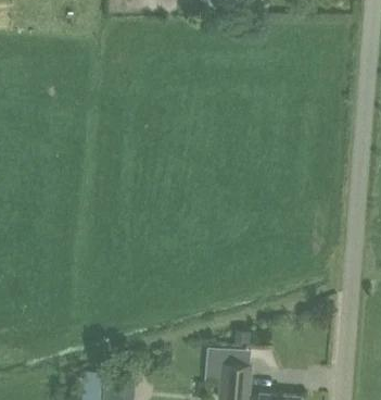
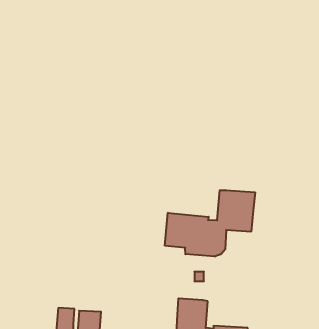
building: none -> [165,190,255,257]

